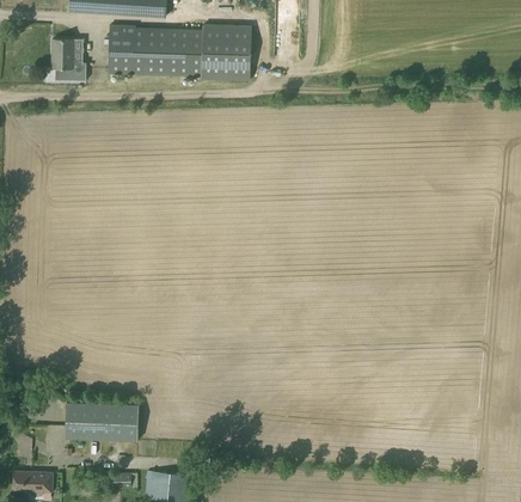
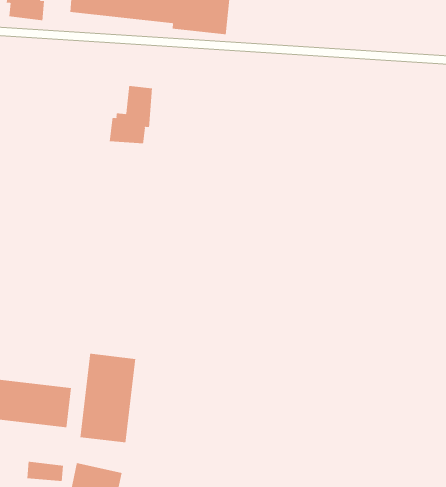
building: none -> [109,85,152,144]
building: none -> [80,353,136,443]

